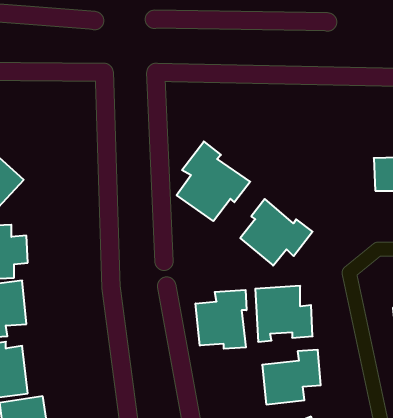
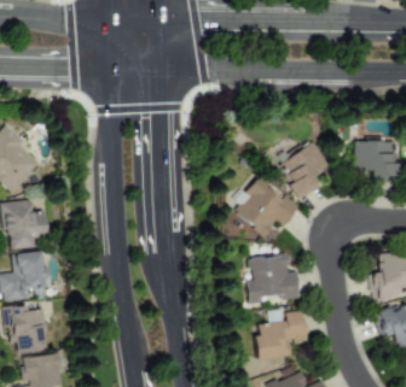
building: [177,141,250,221] -> none
building: none -> [277,142,329,200]
building: [196,290,246,349] -> none

